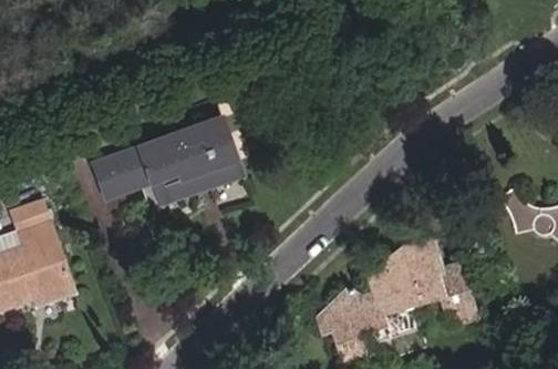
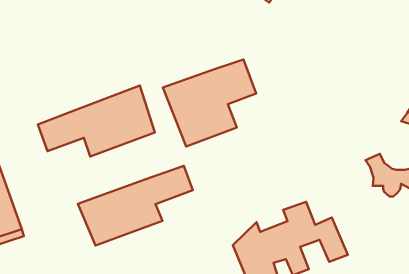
building: none -> [163,59,256,146]
building: none -> [78,166,193,246]

